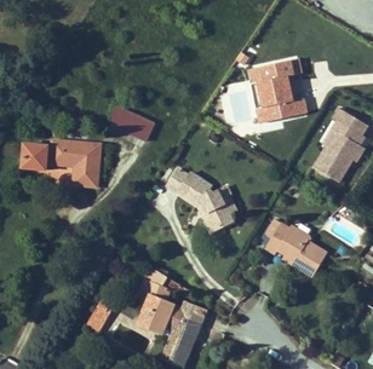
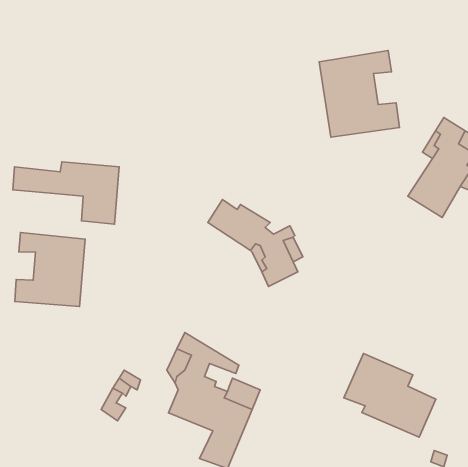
building: [120,110,155,140] -> none
building: none -> [15,233,85,307]
building: [260,215,328,277] -> [344,353,436,437]

